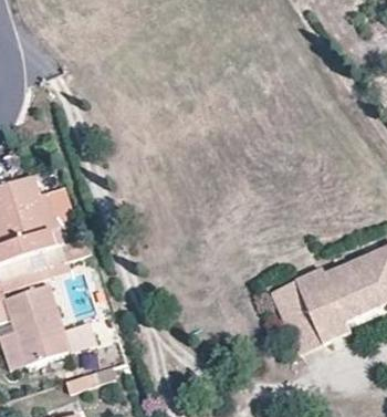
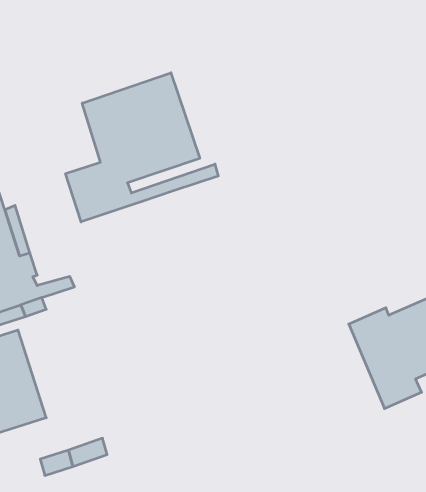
building: none -> [66,73,218,222]
building: [271,279,322,352] -> none

